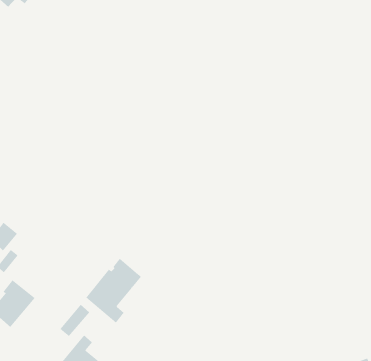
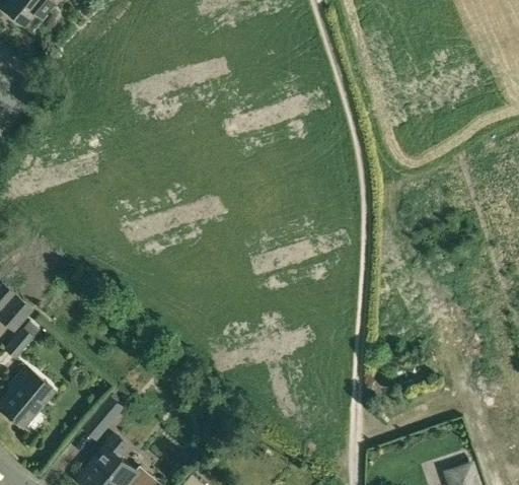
building: [85,258,142,323] -> none

